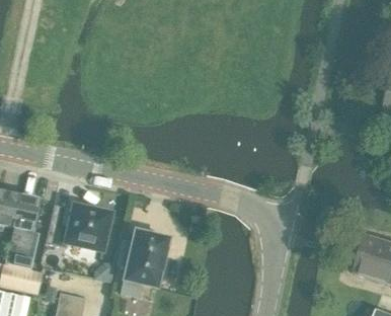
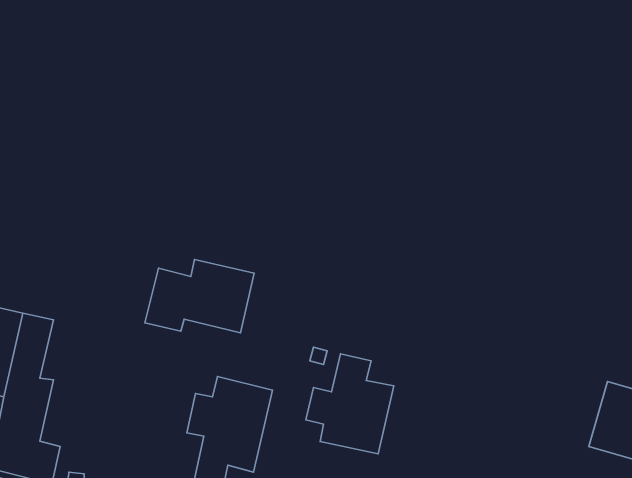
building: [44,207,108,250] -> [145,259,254,333]
building: none -> [306,354,394,454]

